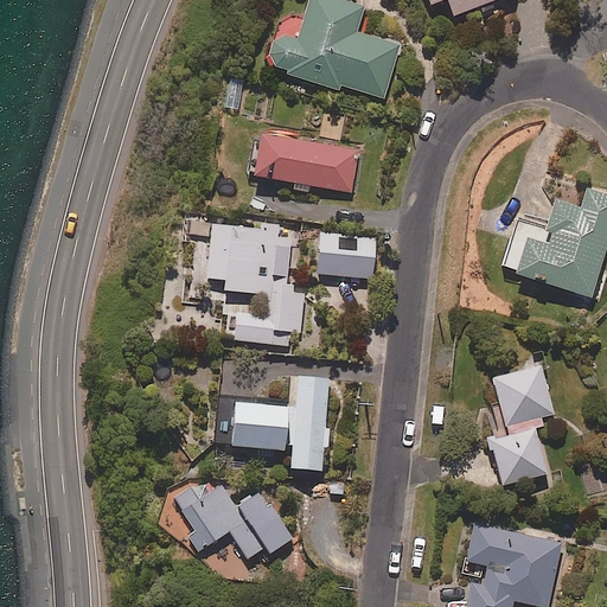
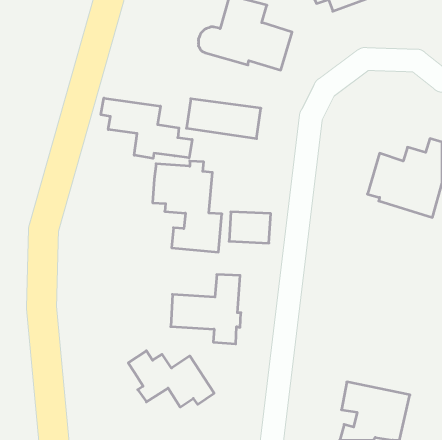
building: none -> [101,98,192,158]
building: [319,234,376,276] -> [229,212,271,243]
building: [490,363,555,485] -> none

